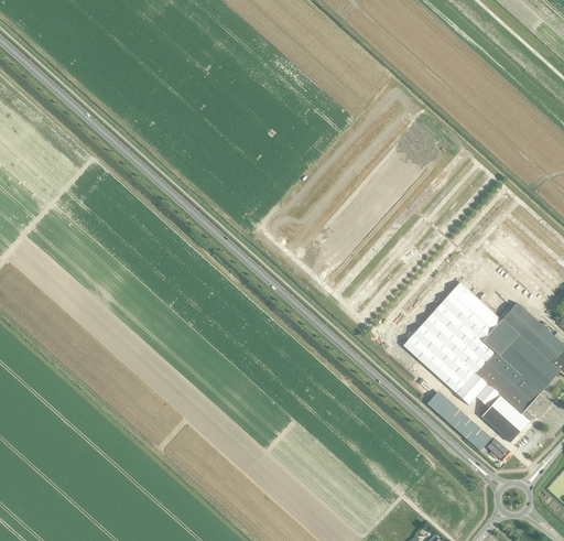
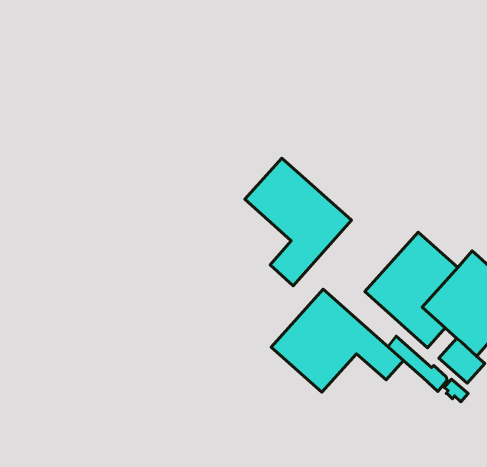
building: none -> [245,158,351,286]
building: none -> [271,289,403,392]

